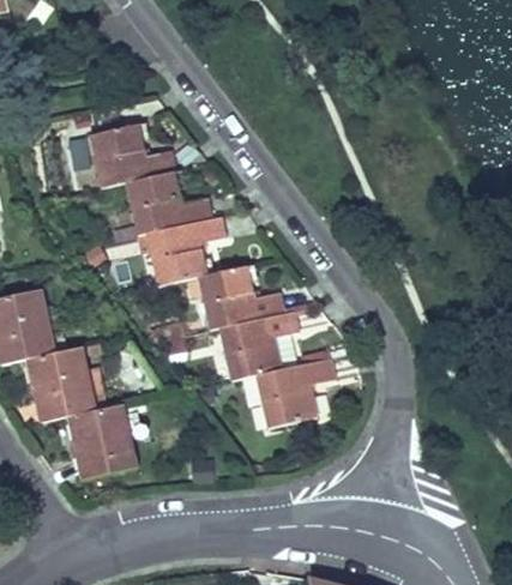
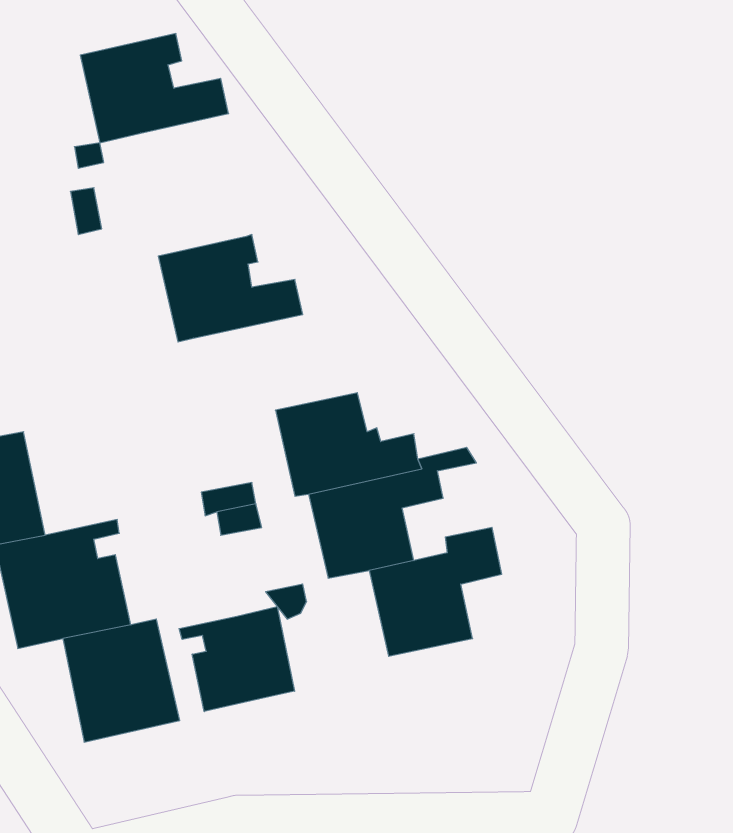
building: [88,121,179,188] -> [80,34,229,143]
building: [146,216,228,285] -> none
building: none -> [179,607,295,712]

